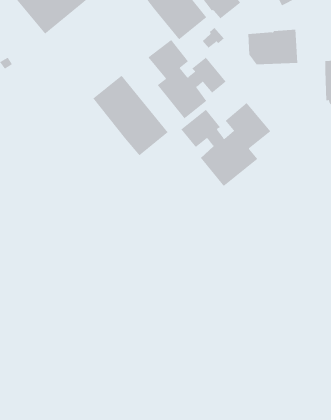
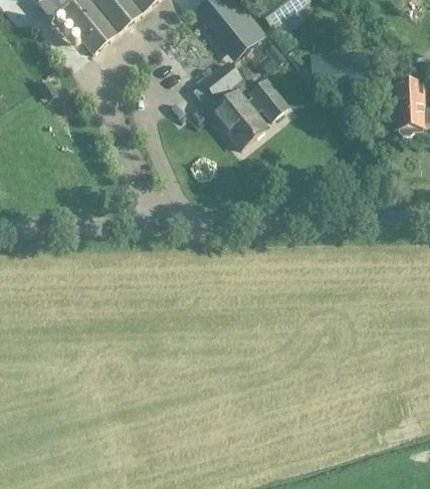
building: [92,75,168,156] -> none
building: [181,102,271,187] -> none

